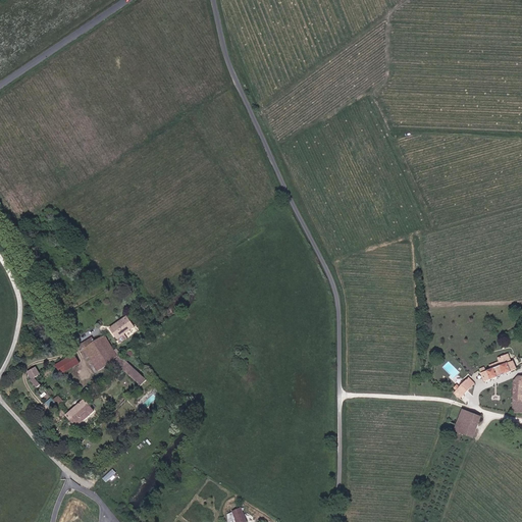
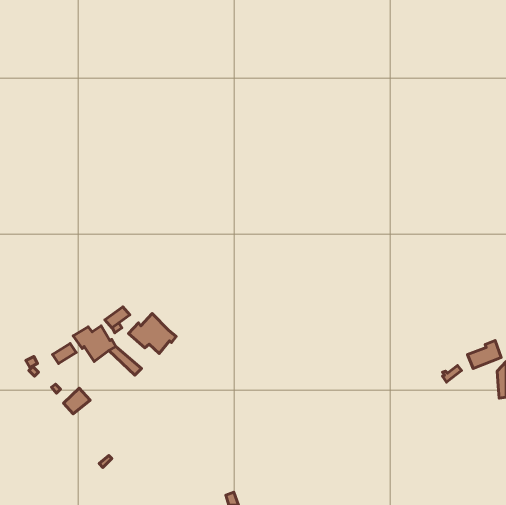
building: none -> [128,313,176,353]
building: [449,409,480,434] -> none

